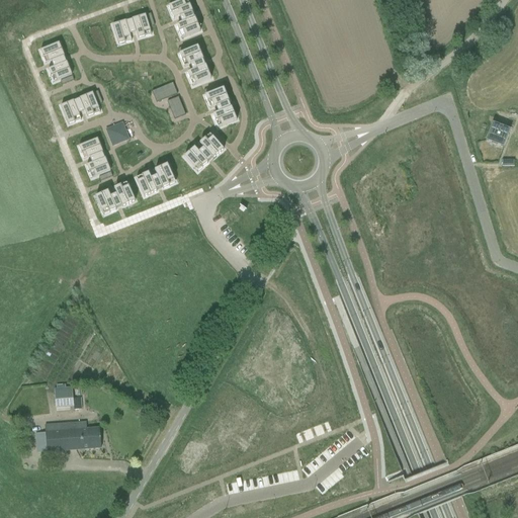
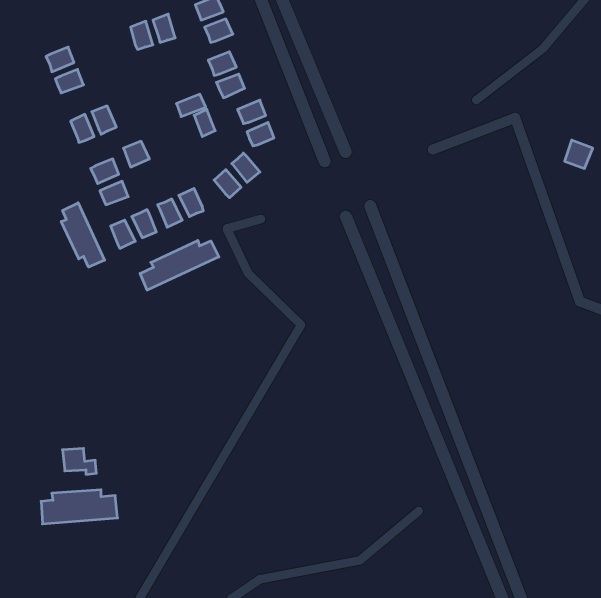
building: none -> [61,203,105,267]
building: none -> [140,240,219,290]

